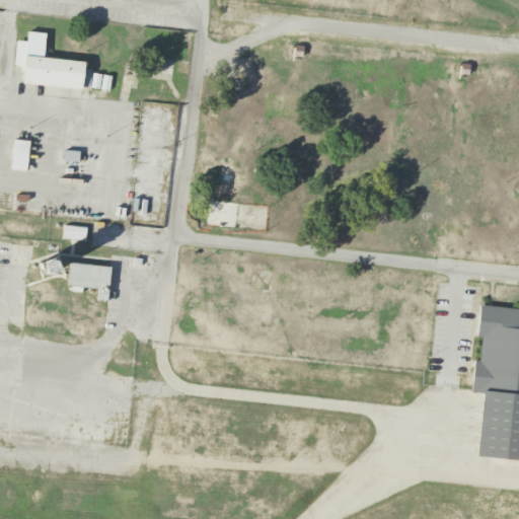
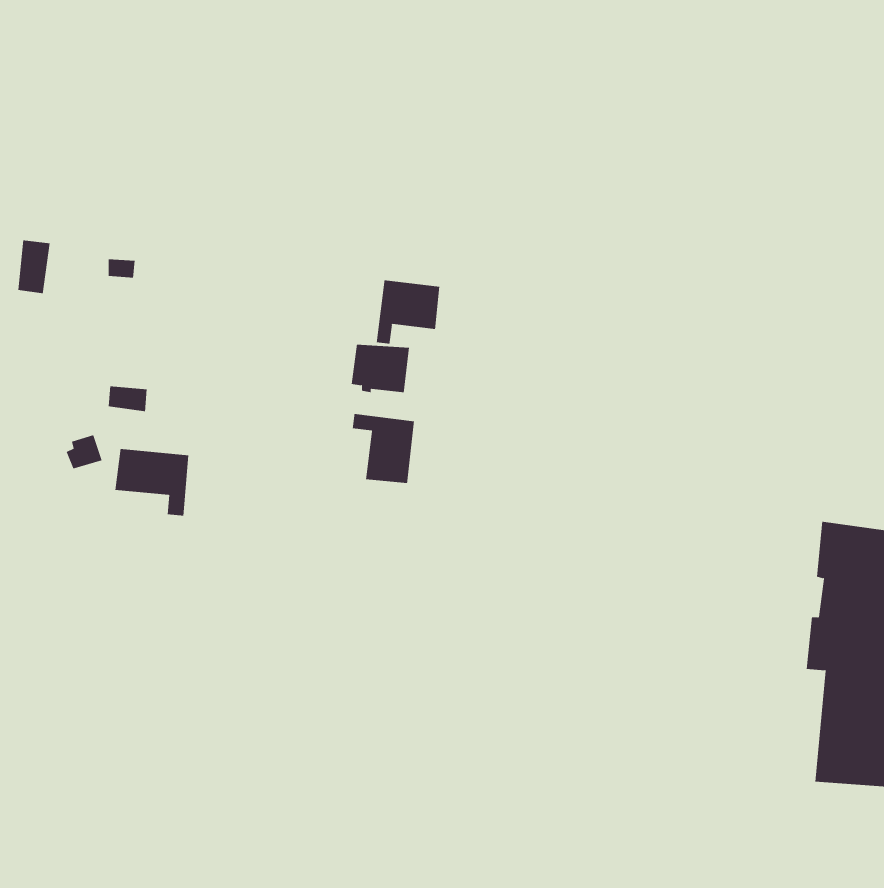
building: [16,30,93,88] -> none
building: none -> [376,280,440,345]
building: none -> [352,413,415,484]

